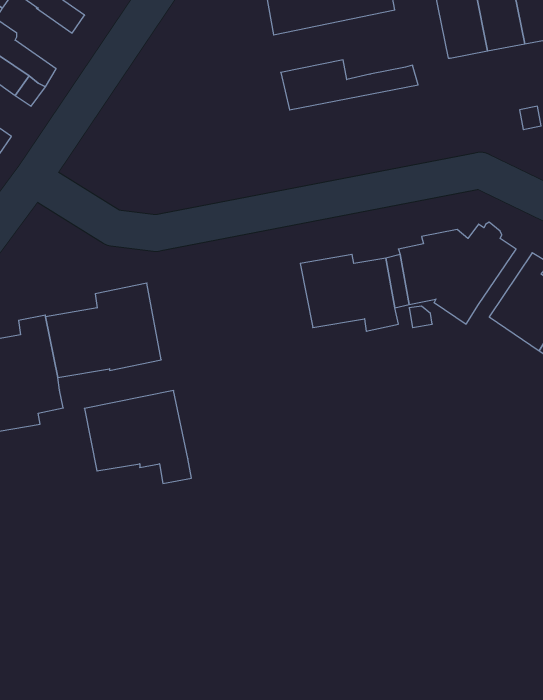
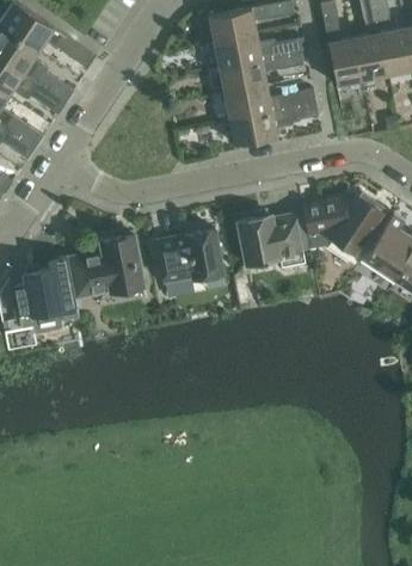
building: none -> [220,51,303,93]
building: none -> [230,101,319,144]
building: [84,391,191,483] -> [155,228,227,290]

